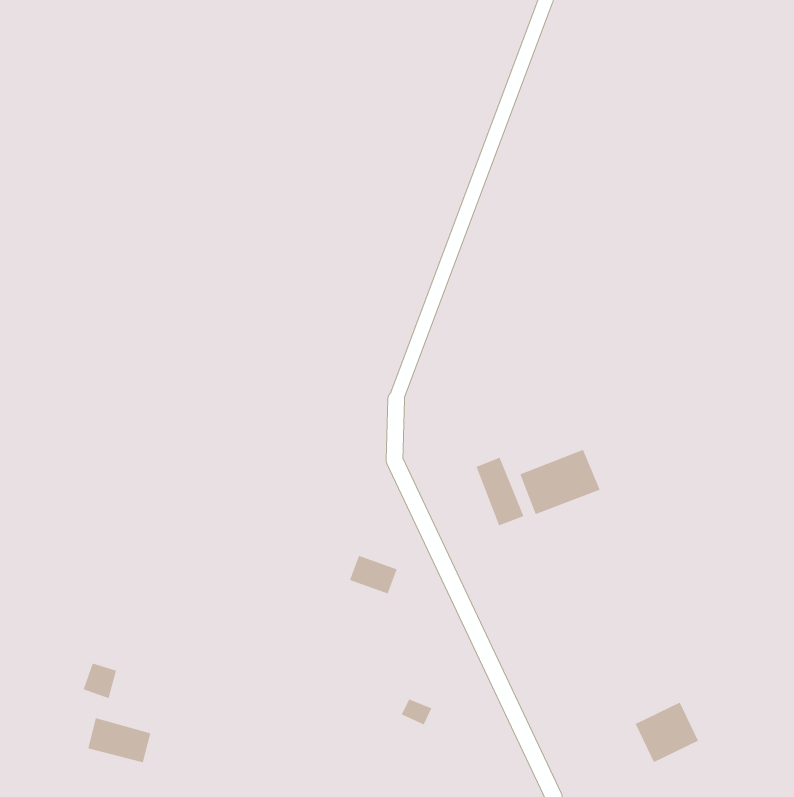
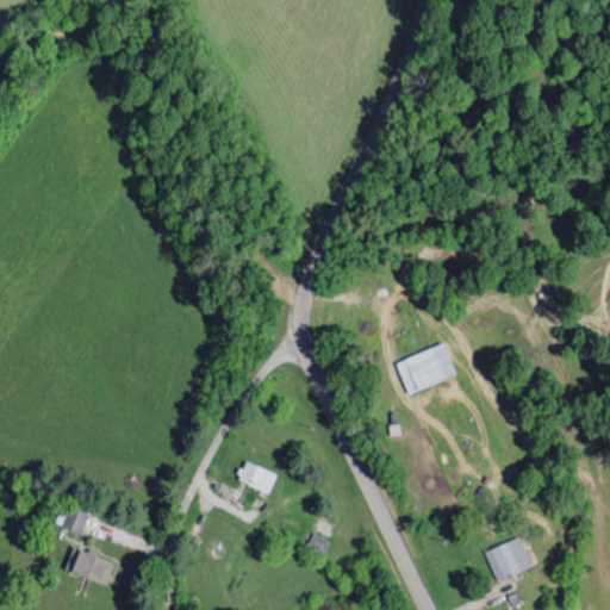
building: [476,457,524,526] -> none
building: [349,555,397,594] -> [239,462,276,492]

